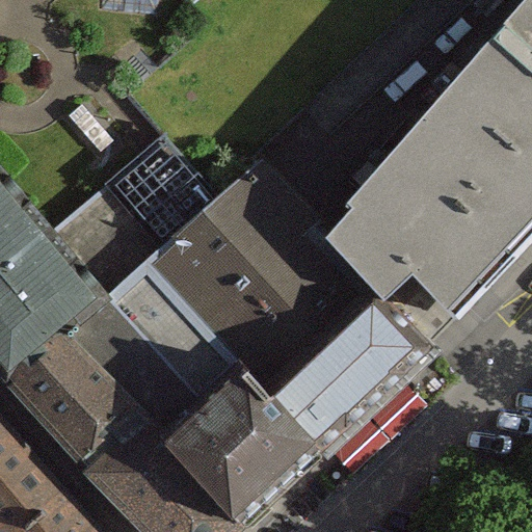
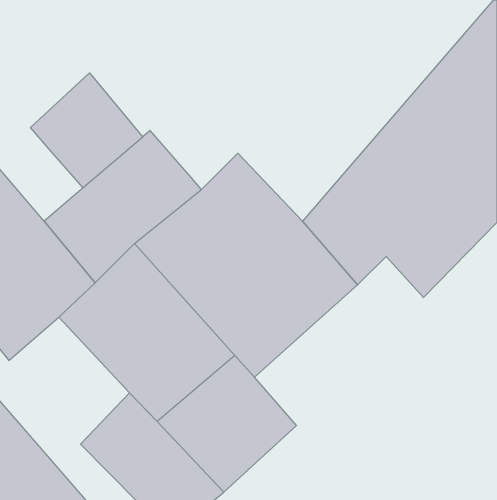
building: none -> [31,73,143,188]
building: [269,303,424,452] -> none
building: [9,338,137,472] -> none

